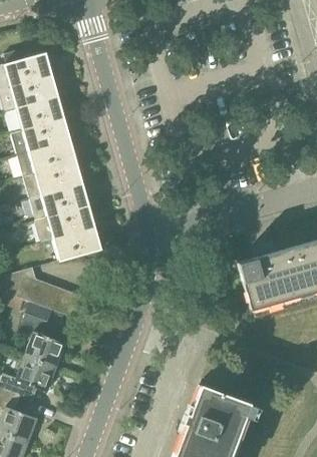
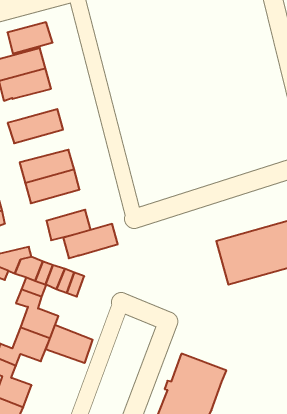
building: [16,97,65,131] -> [7,22,53,54]
building: [18,141,77,177] -> none
building: [36,206,95,244] -> [63,224,118,258]
building: none -> [46,325,93,363]

